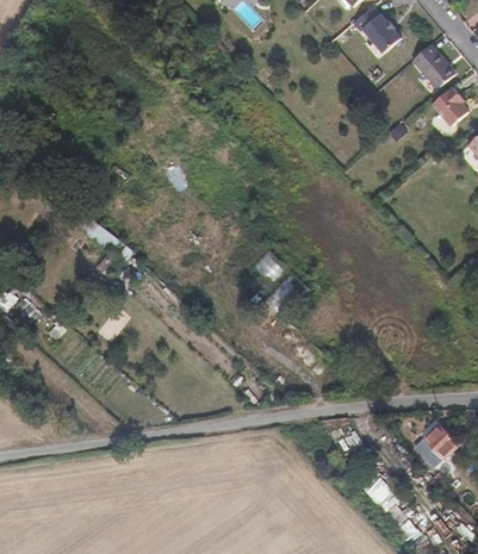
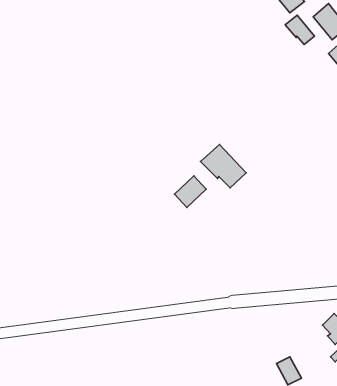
building: none -> [285,15,315,45]
building: none -> [201,144,246,188]

